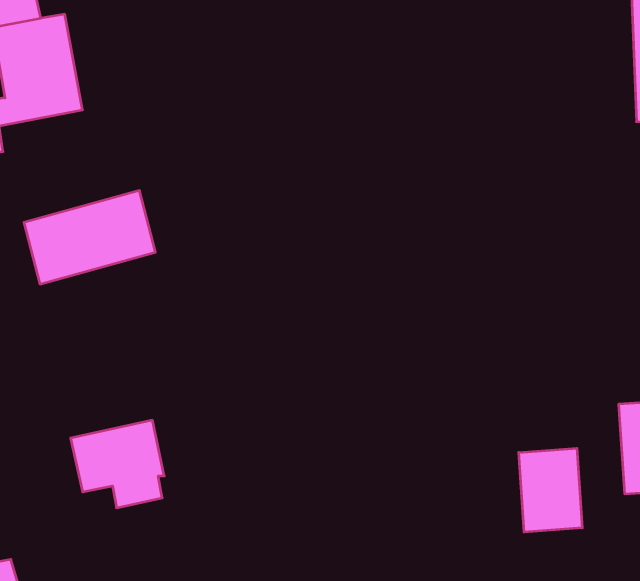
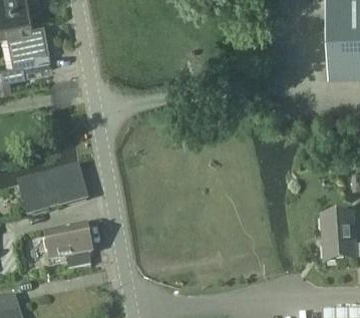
building: [24,191,155,284] -> [20,166,86,213]
building: [519,448,582,532] -> none

